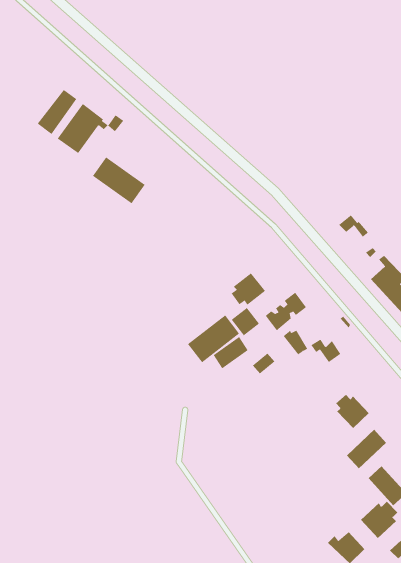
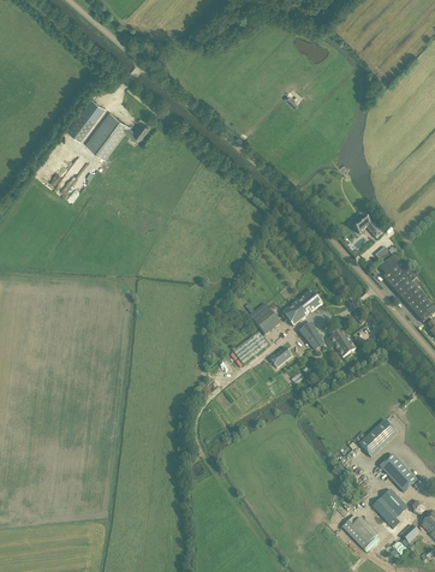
building: [92,156,146,204] -> none
building: [231,272,266,305] -> none
building: [187,315,240,363] -> none
building: [335,394,370,429] -> none

